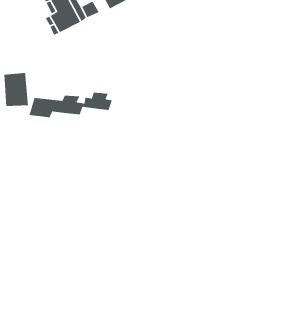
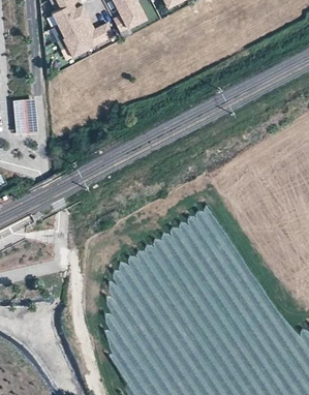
building: [29,92,113,118] -> none

